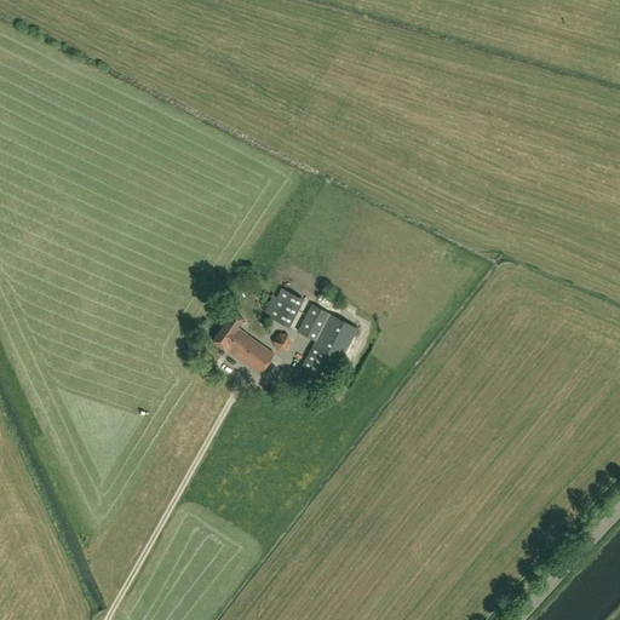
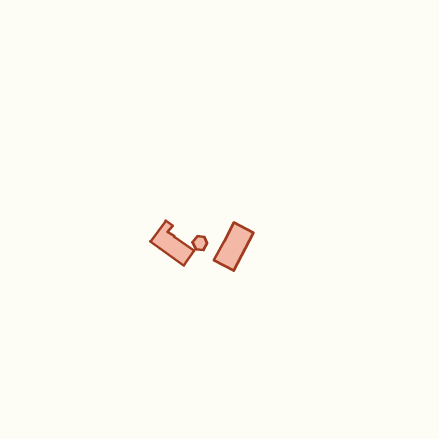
building: [264,288,304,327] -> none
building: [298,304,329,340] -> none

